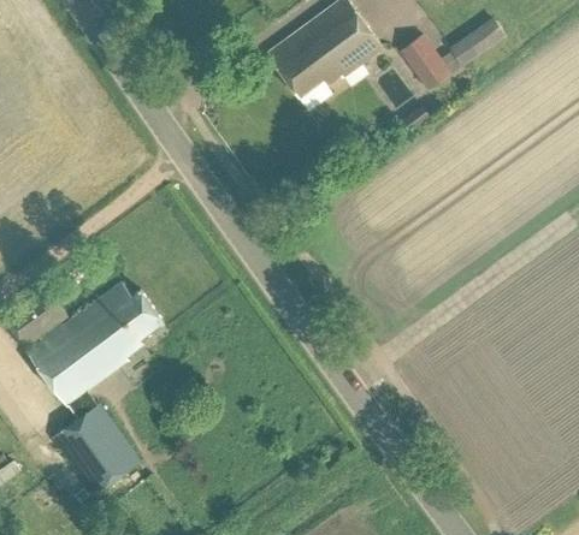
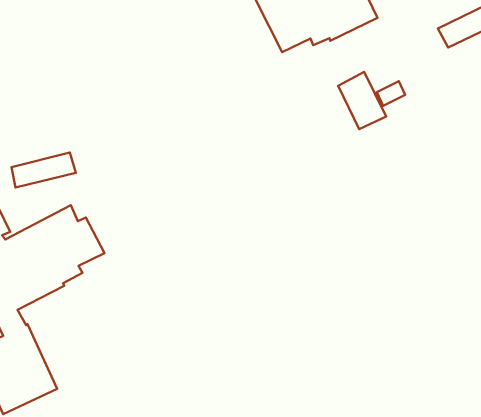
building: [398,34,450,90] -> [338,72,386,129]
building: none -> [12,152,76,188]

